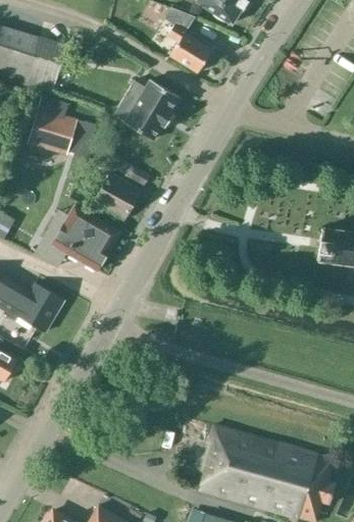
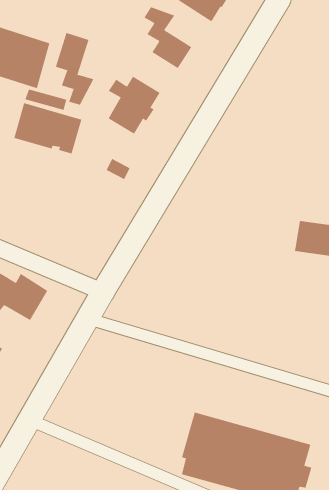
building: none -> [55,32,94,106]
building: [96,174,141,219] -> none
building: [51,206,118,271] -> none

